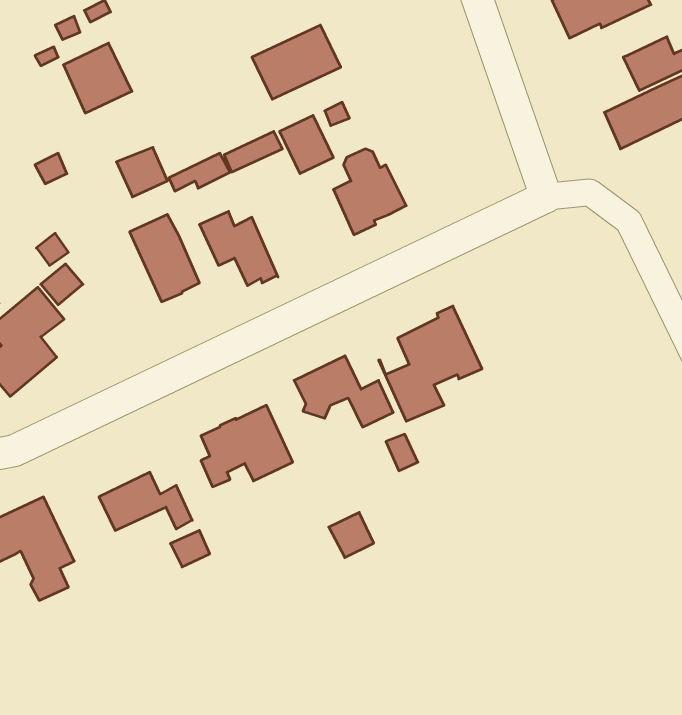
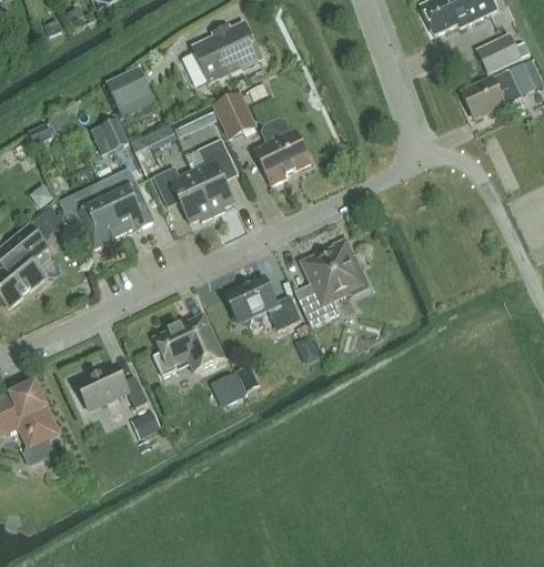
building: [63,43,132,113] -> [105,65,158,119]
building: none -> [193,139,239,216]
building: none -> [60,182,124,249]
building: [329,512,374,558] -> [210,372,244,406]

